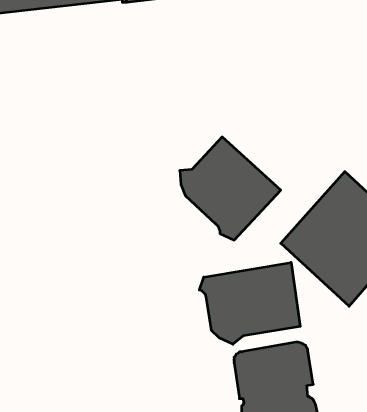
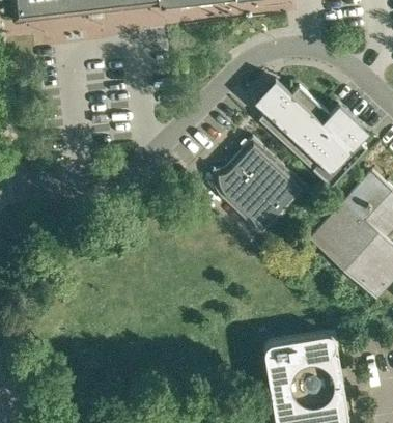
building: none -> [256,78,371,185]
building: [199,262,300,344] -> none

